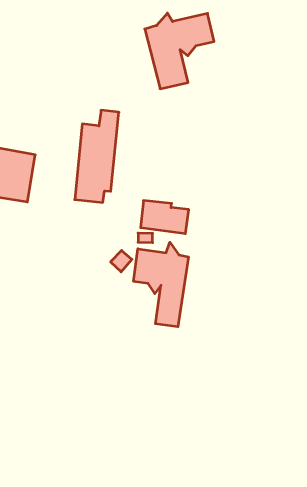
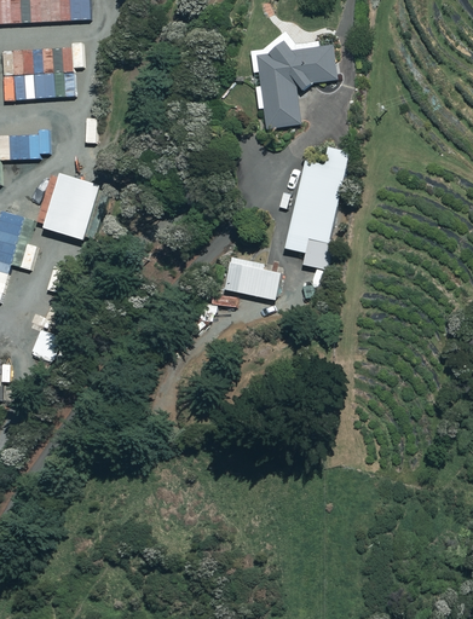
building: [75,110,119,202] -> [284,146,348,255]
building: [134,242,188,327] -> none

